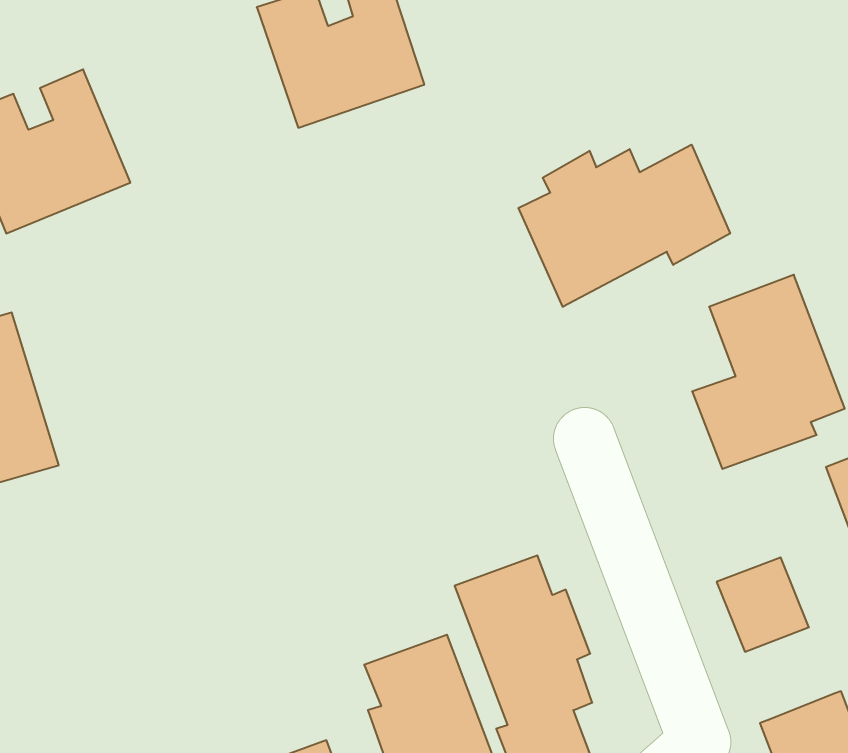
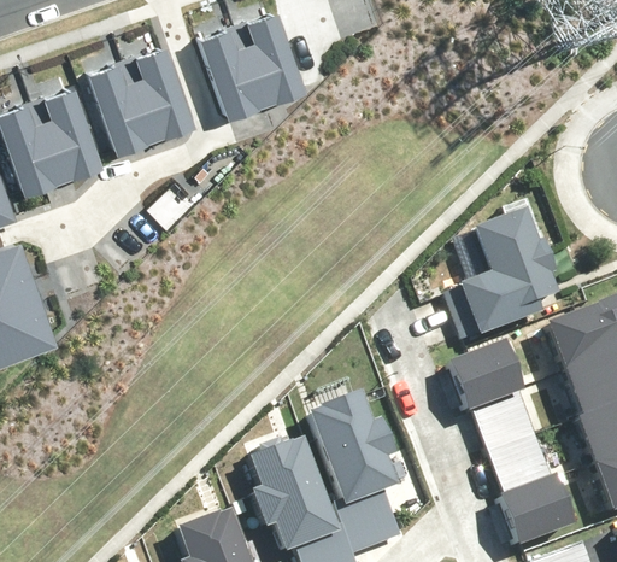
building: none -> [81,45,189,146]
building: [518,145,730,307] -> none
building: none -> [451,339,524,409]
building: none -> [495,435,553,494]

